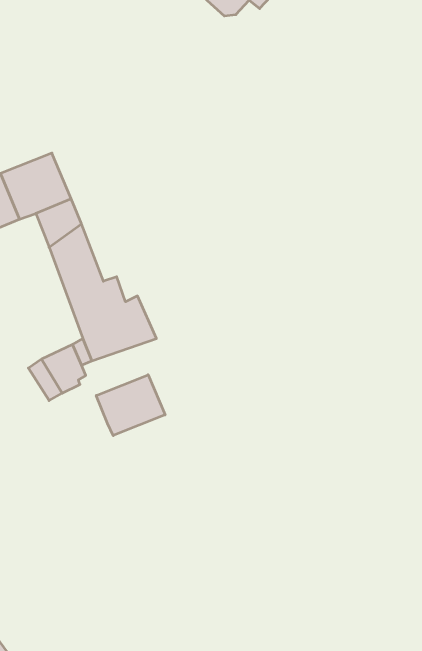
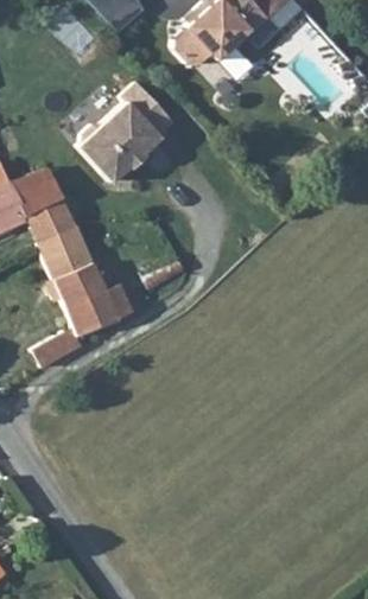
building: none -> [72,84,166,185]
building: [96,375,165,436] -> none

